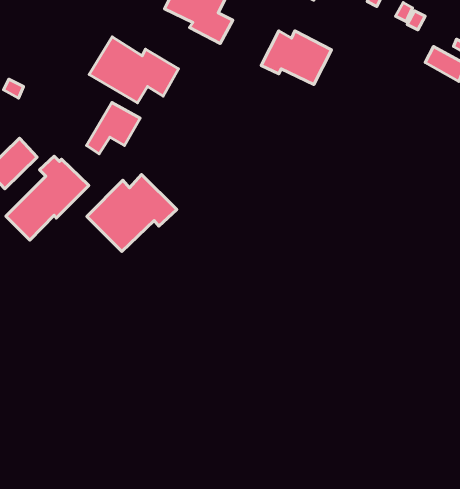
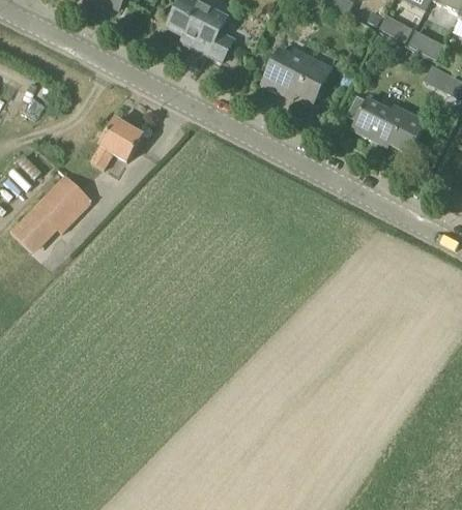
building: [89,37,179,103] -> none
building: none -> [351,97,427,153]
building: [87,174,177,251] -> none

